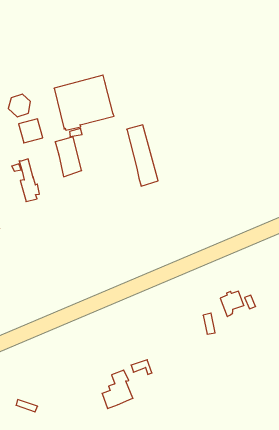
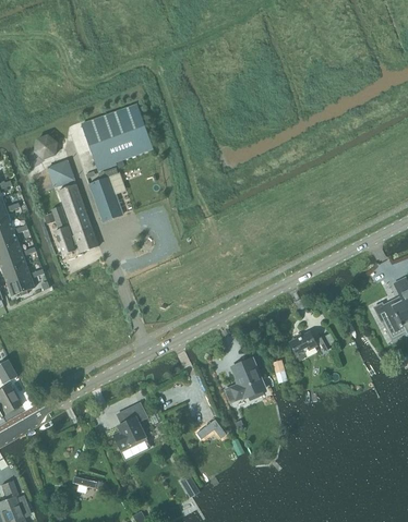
building: [127,125,158,186] -> [58,183,98,252]
building: none -> [230,357,263,398]
building: [102,370,133,409] -> [111,405,146,450]

